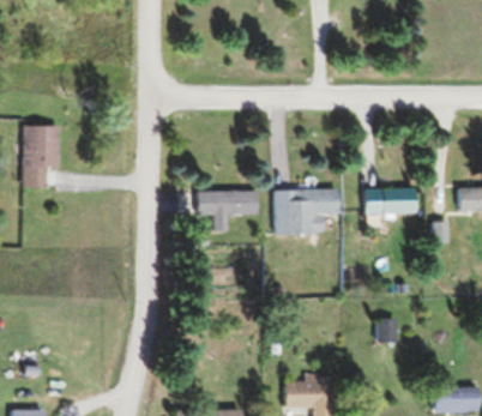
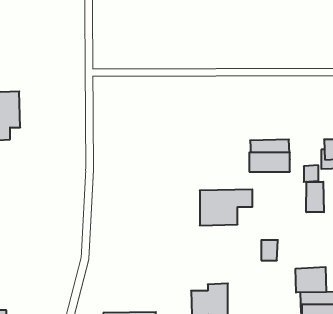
building: [273,188,342,235] -> [200,189,252,225]
building: [197,189,257,234] -> none
building: none -> [306,182,324,212]
building: none -> [296,267,326,293]

